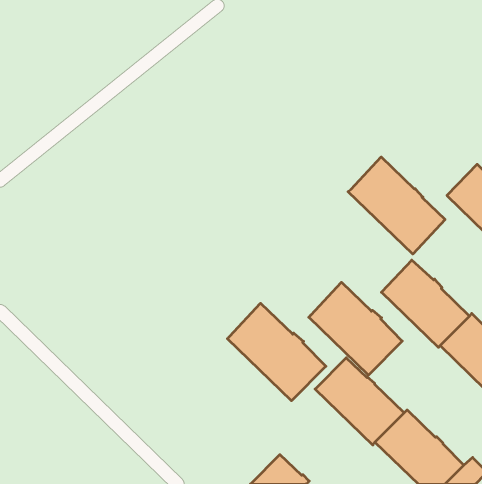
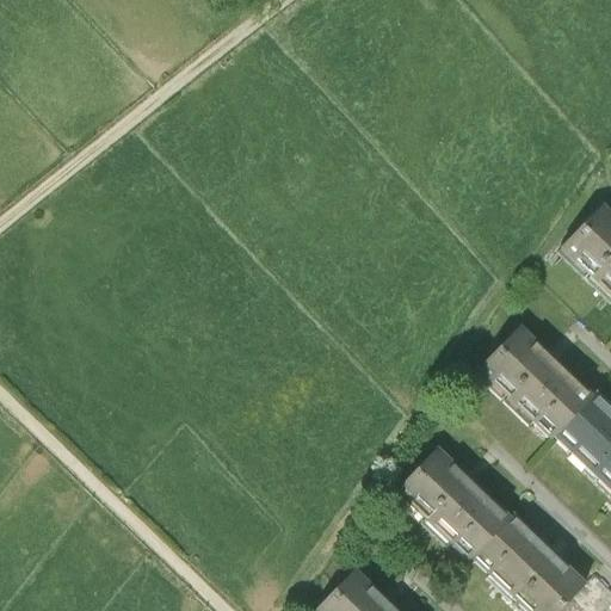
building: [348,157,445,254] -> none
building: [309,282,402,375] -> none
building: [227,303,326,401] -> none

